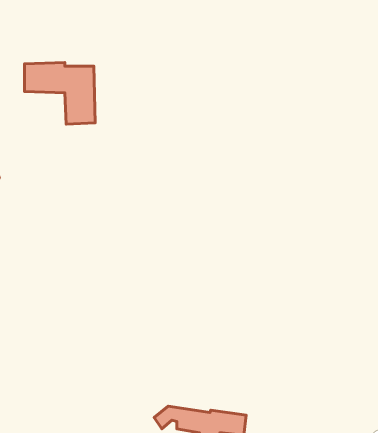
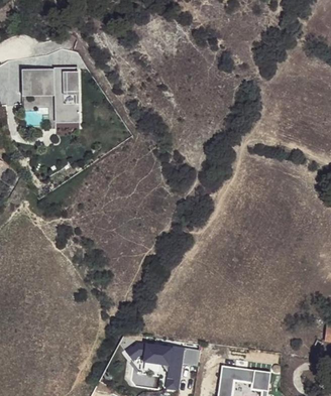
building: none -> [22,91,79,121]

